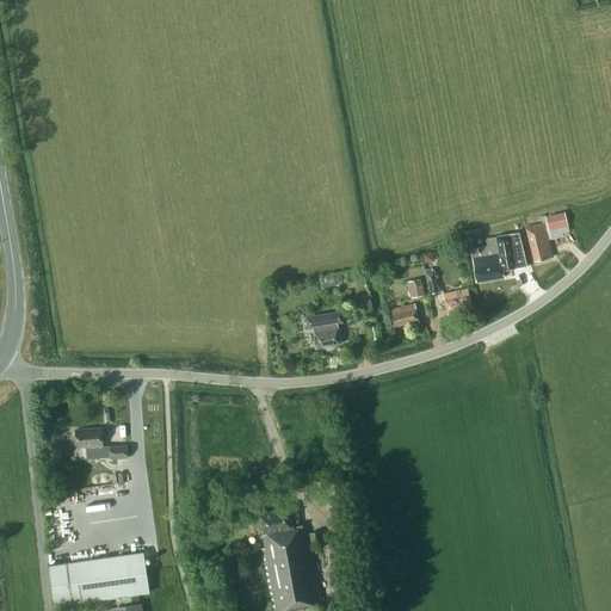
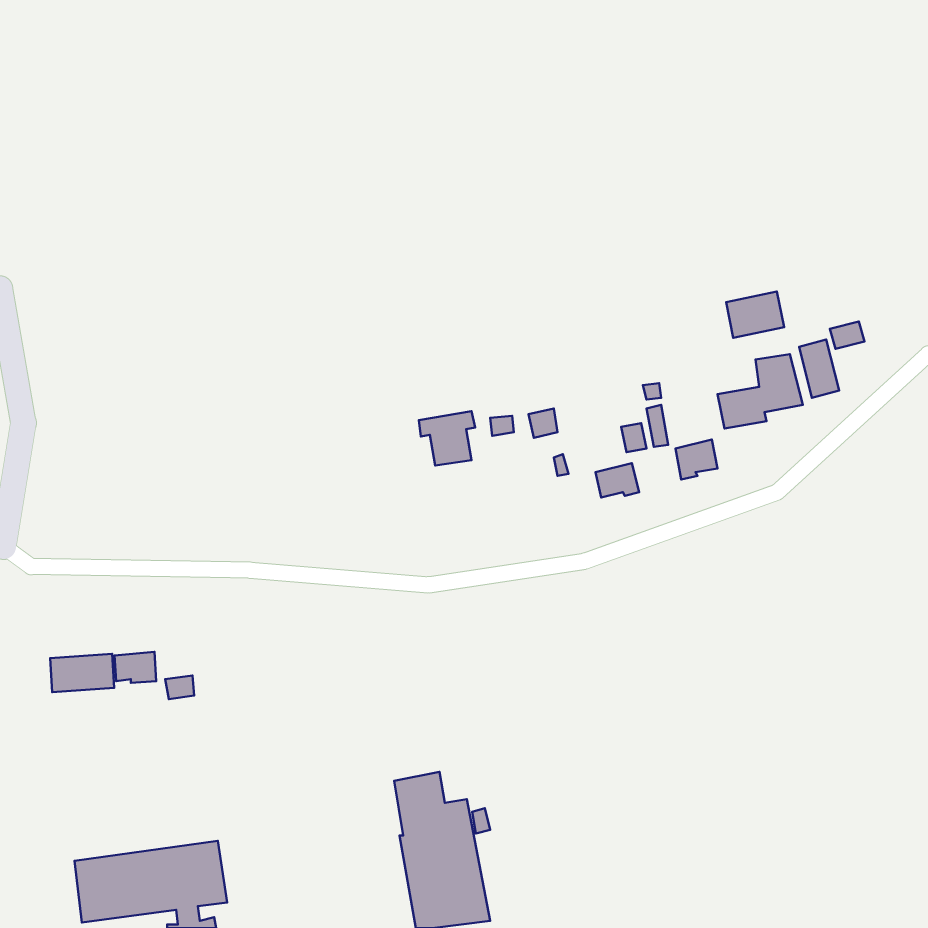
building: none -> [726,292,784,338]
building: [306,311,342,347] -> [419,411,475,466]
building: none -> [50,654,114,692]

